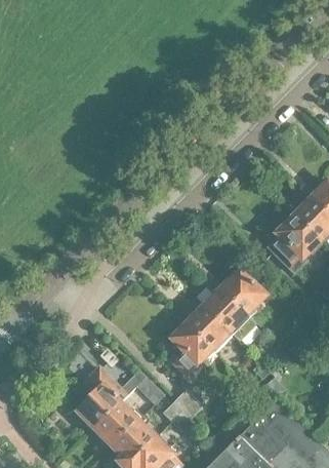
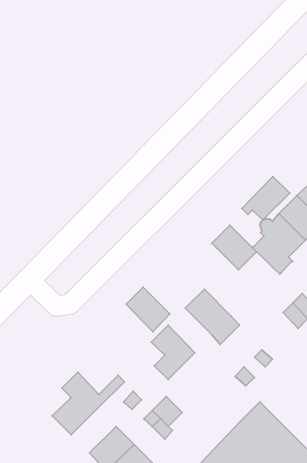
building: none -> [242,176,290,220]
building: [221,270,264,313] -> [212,225,256,270]
building: [187,306,229,349] -> [126,287,170,332]
building: [93,402,136,445] -> none

